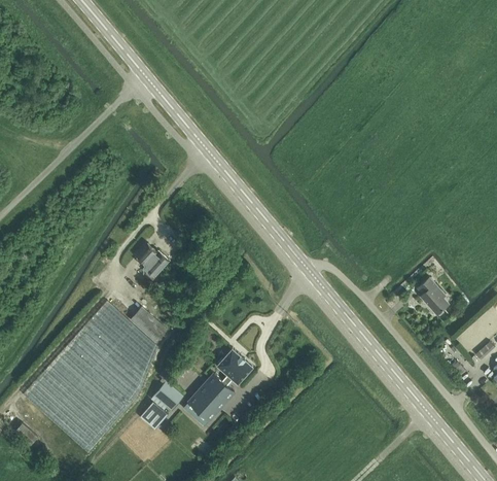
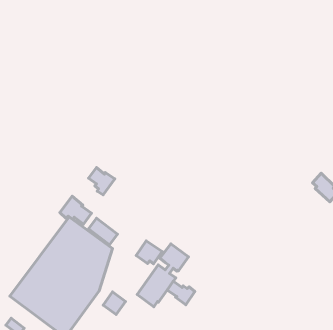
building: none -> [60,196,92,224]
building: [150,381,183,411] -> [136,241,162,264]
building: none -> [167,281,195,305]

